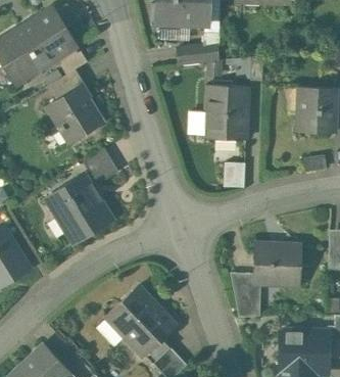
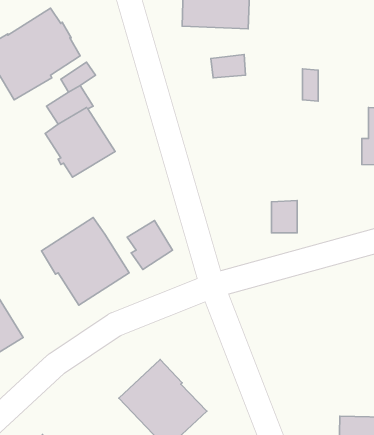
building: [203,85,248,139] -> none
building: [82,148,117,187] -> [127,220,172,270]
building: [253,244,300,285] -> none
building: [230,273,259,317] -> none

